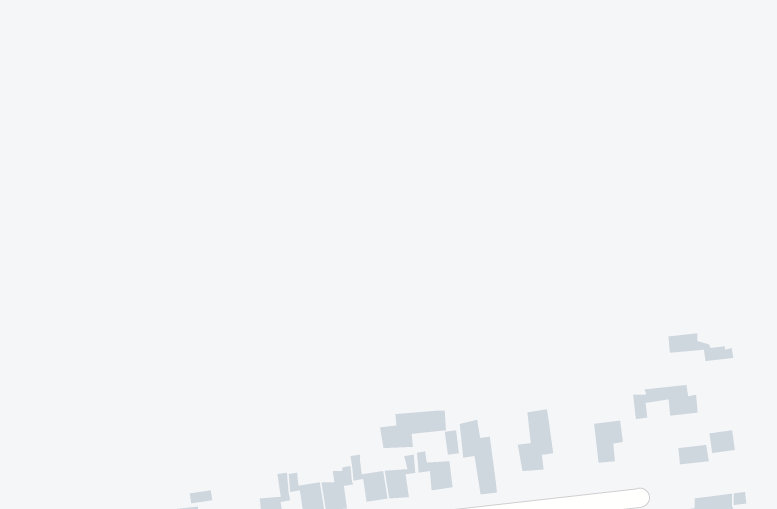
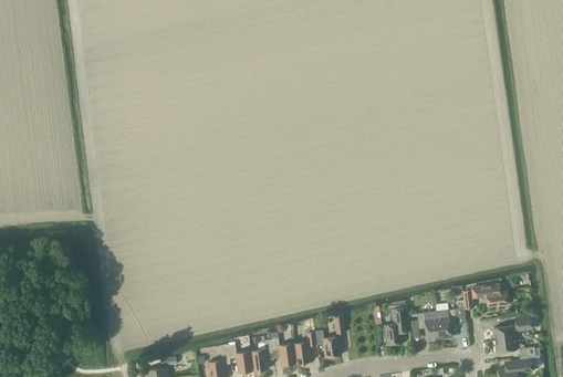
building: [667,333,734,362] -> [494,337,540,357]
building: [379,410,447,449] -> none
building: [459,419,498,495] -> none
building: none -> [410,311,439,339]

